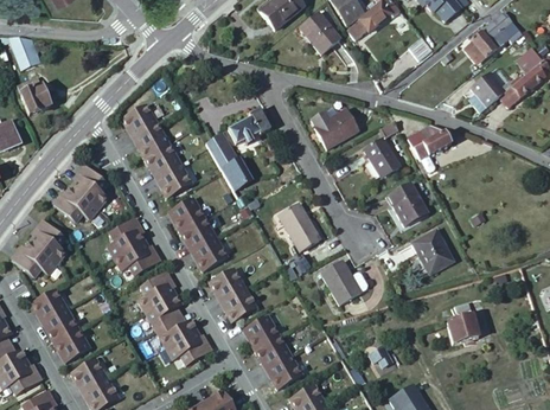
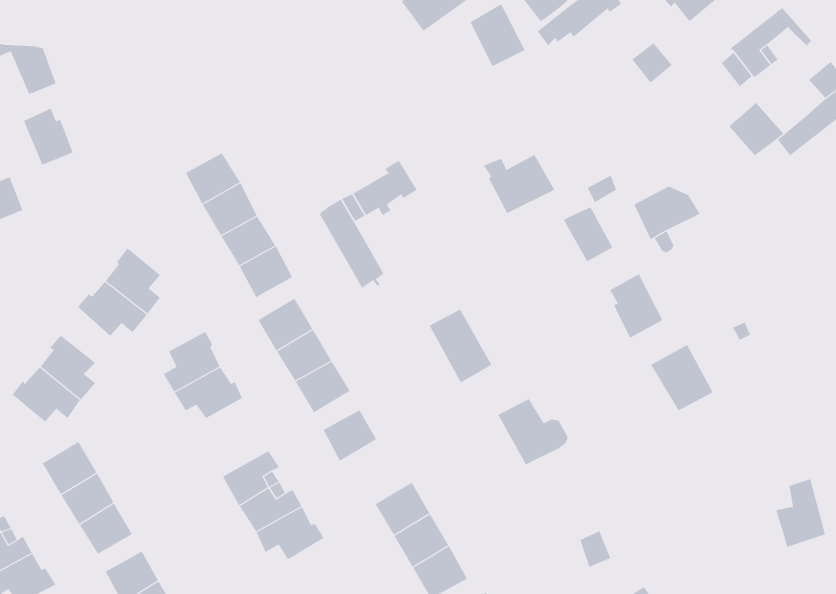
building: [139,273,175,312] -> none
building: [220,288,256,322] -> none
building: [446,302,478,346] -> [776,479,826,547]

